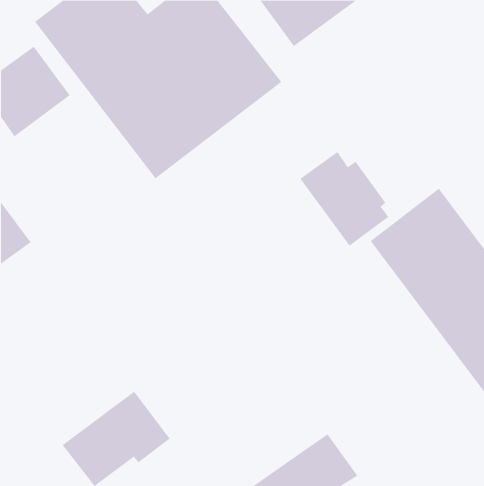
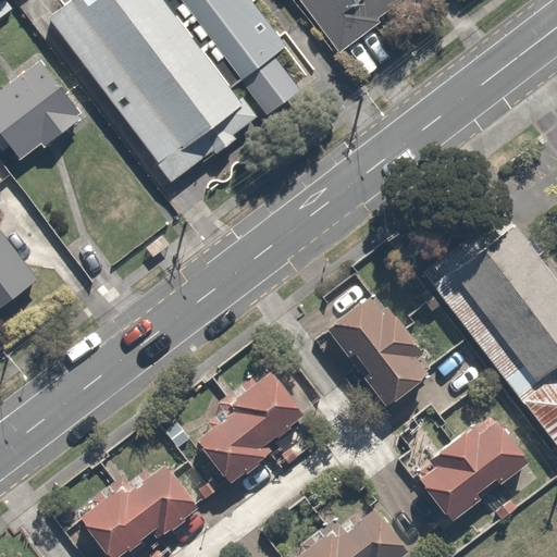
building: [300,151,389,246] -> [325,287,428,396]
building: none -> [190,364,305,484]
building: none -> [411,420,532,529]

